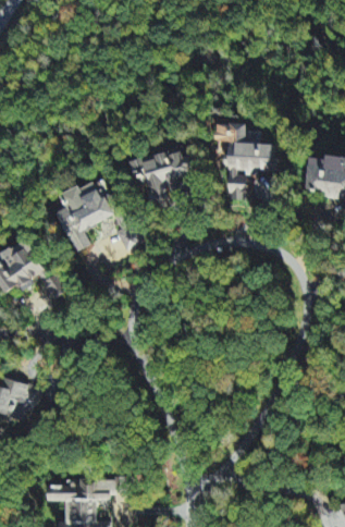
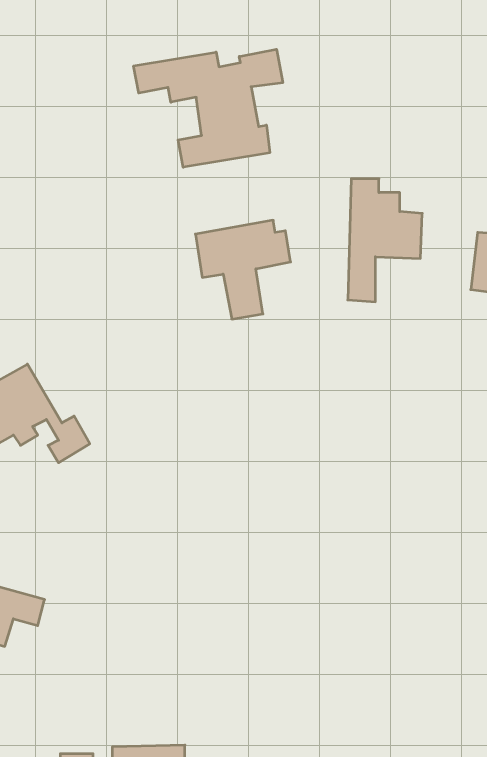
building: none -> [134,49,283,167]
building: [57,180,133,252] -> none

